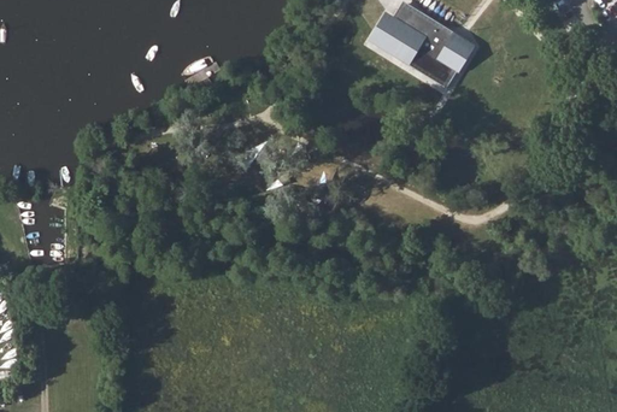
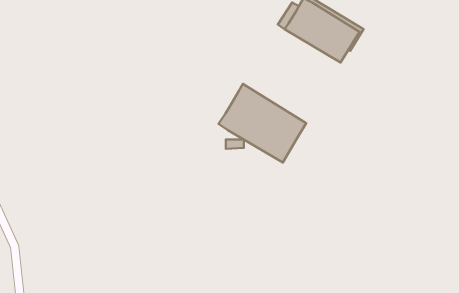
building: none -> [219,84,306,163]

